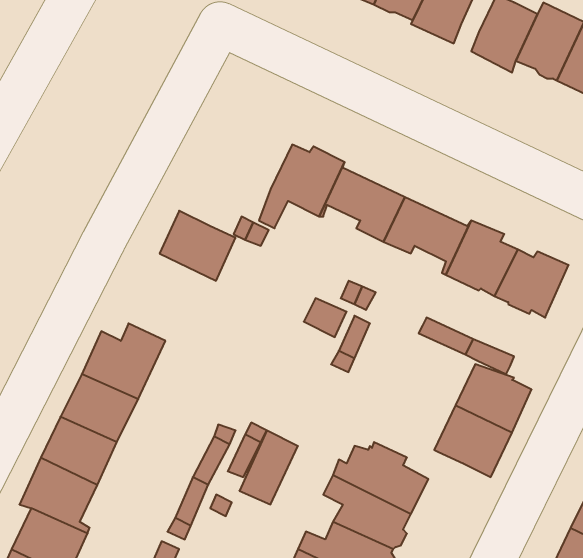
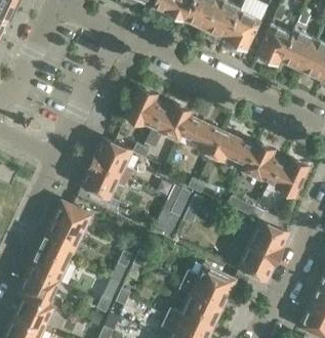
building: none -> [125,88,162,127]
building: none -> [81,161,128,210]
building: [239,431,298,504] -> [154,197,185,236]

